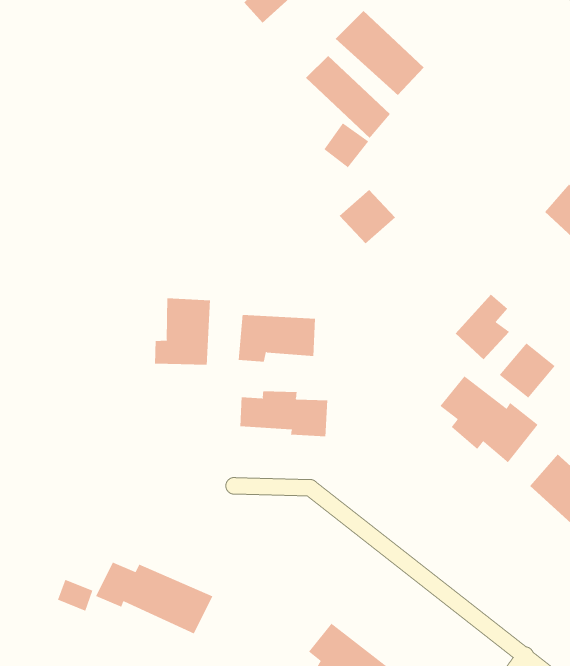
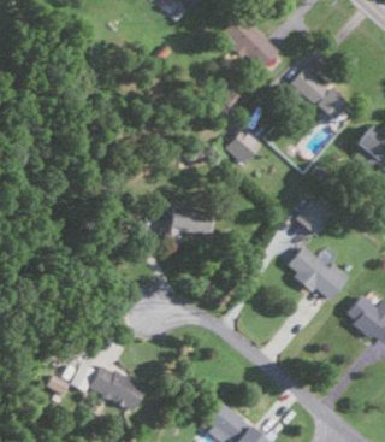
building: [305,55,391,139] -> [291,67,345,120]
building: [155,297,211,366] -> none
building: [499,342,556,399] -> none
building: [240,391,328,437] -> none

